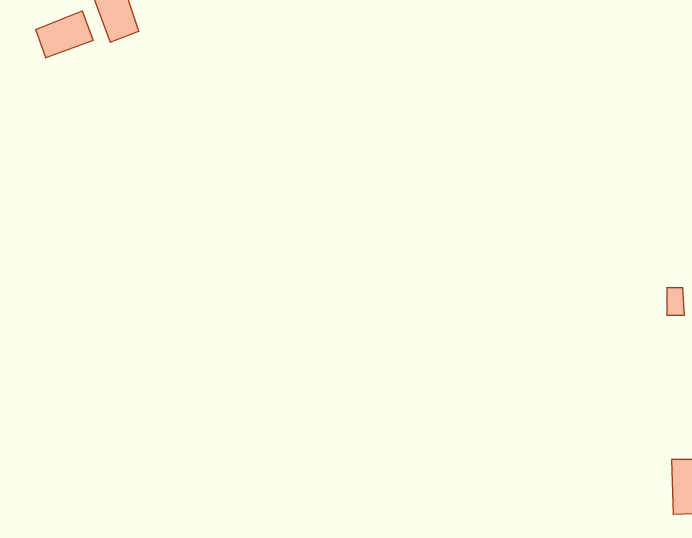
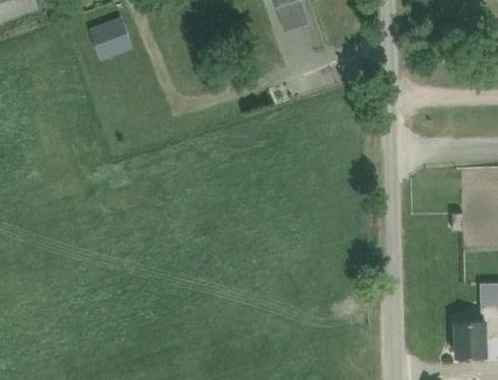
building: [36,11,93,58] -> none

